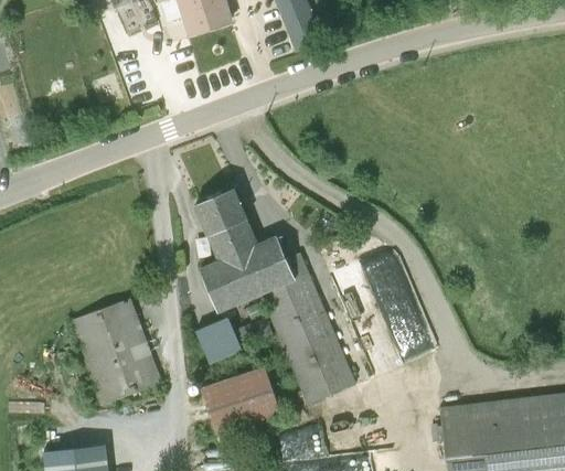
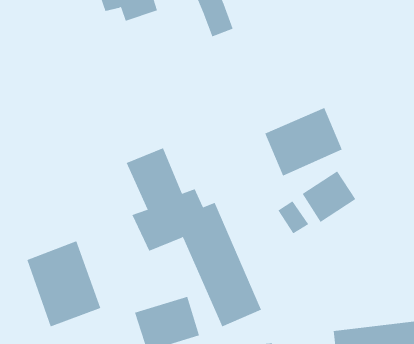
building: none -> [264,107,342,177]
building: none -> [302,171,356,223]
building: [194,315,242,365] -> none

